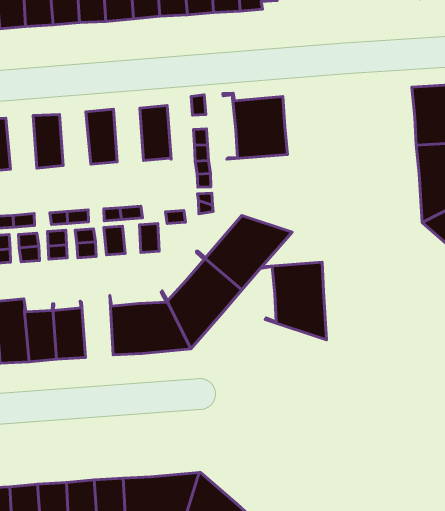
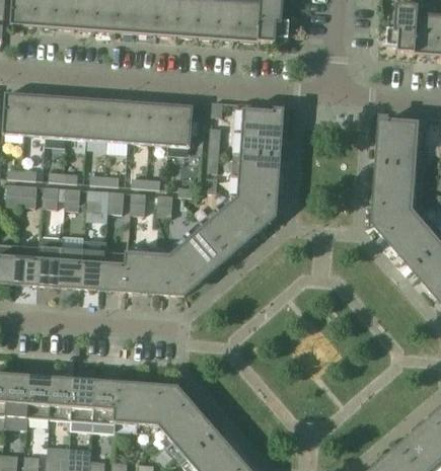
building: none -> [148,102,171,145]
building: none -> [106,100,130,142]
building: none -> [66,97,89,139]
building: [262,262,327,340] -> [229,153,279,216]
building: none -> [102,244,128,290]

